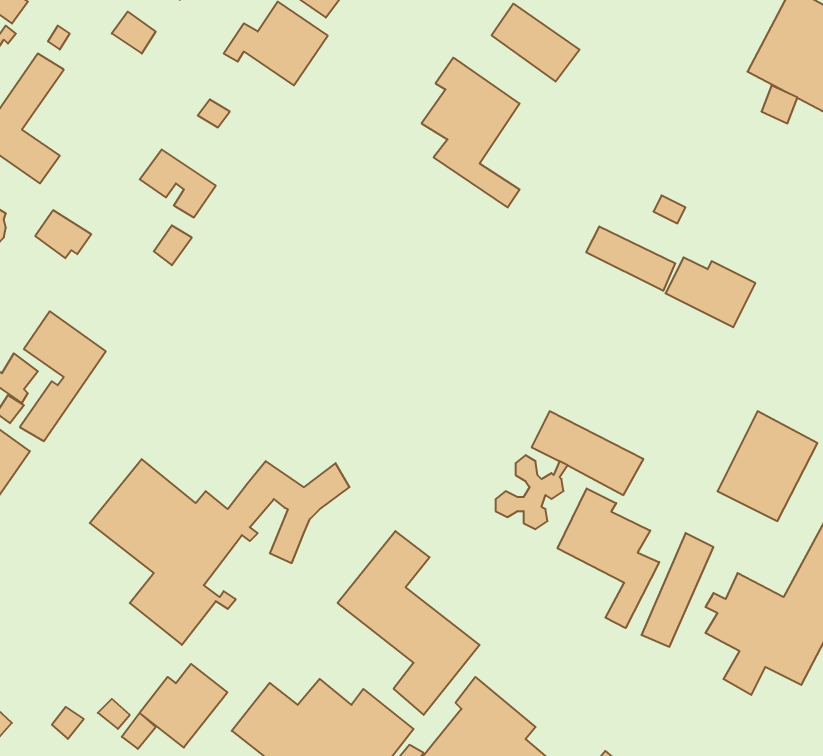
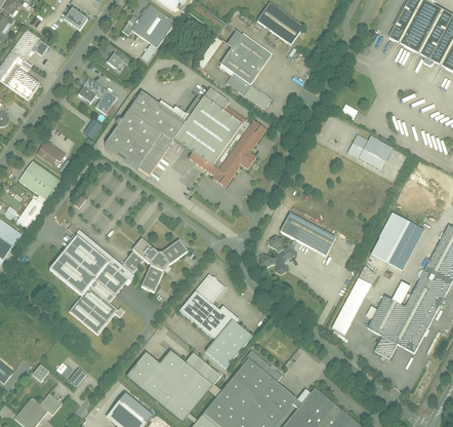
building: none -> [106,91,263,186]
building: [35,210,91,258] -> [37,139,66,163]
building: [586,226,675,291] -> none
building: [558,488,659,628] -> none
building: [140,664,227,748] -> none

